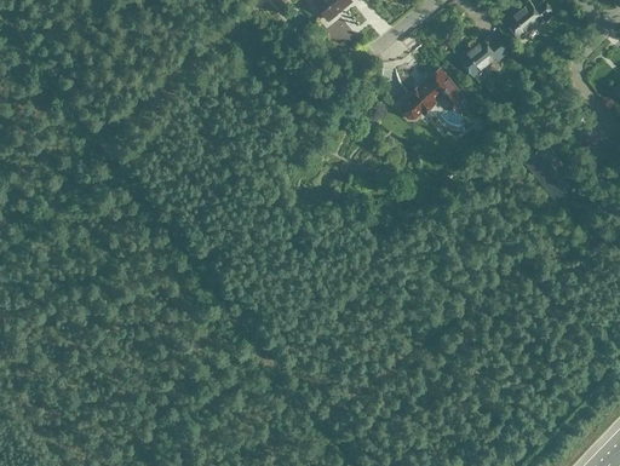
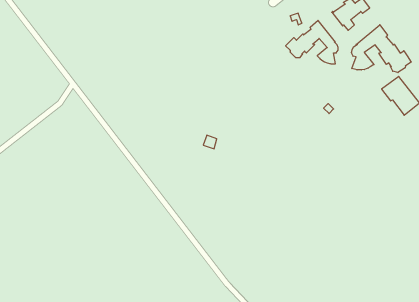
building: none -> [352,25,411,73]

